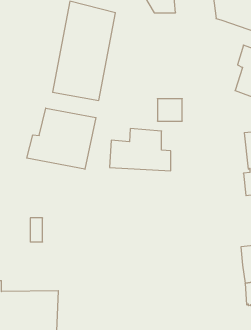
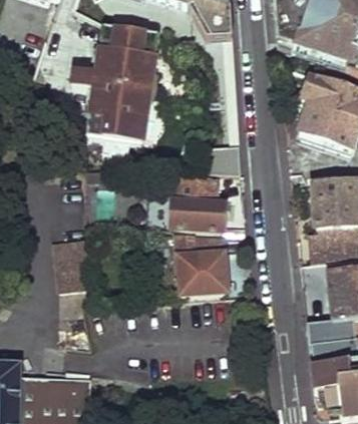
building: [27,108,96,169] -> none
building: none -> [174,230,227,292]

